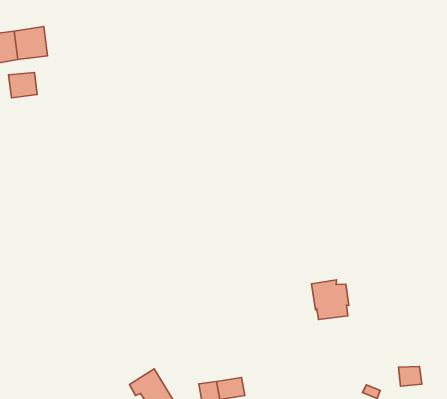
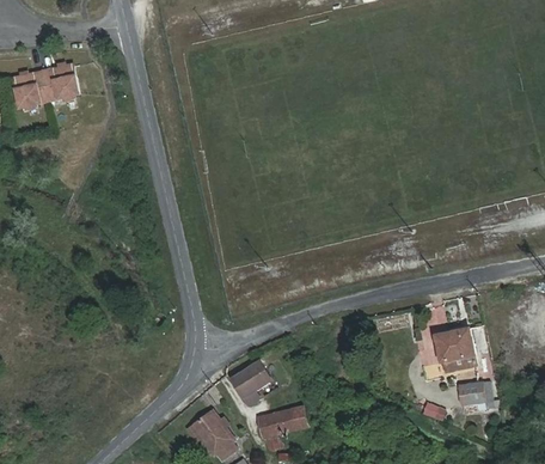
building: [9,72,37,98] -> none
building: [312,280,349,319] -> [434,330,473,372]
building: none -> [229,362,269,401]

